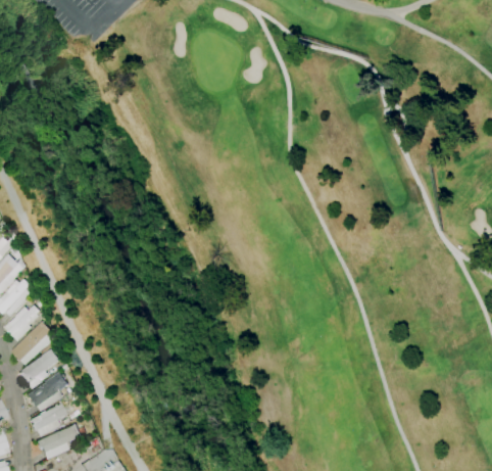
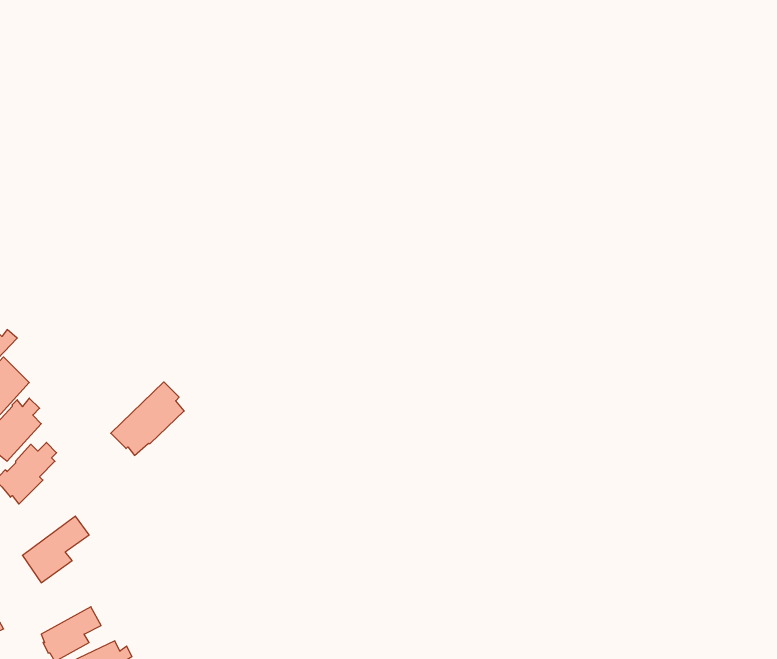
building: [9,321,53,365] -> [111,382,184,455]
building: [26,372,66,411] -> none

